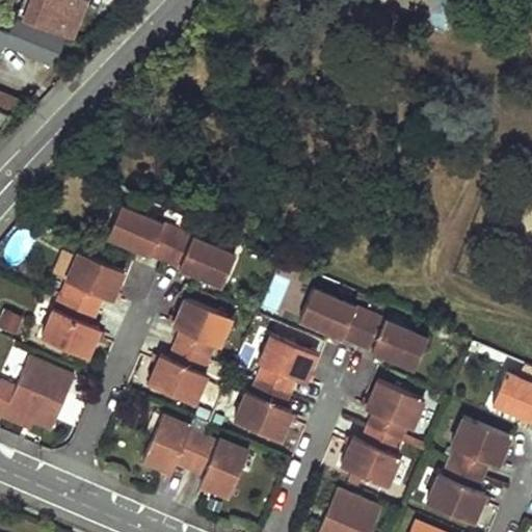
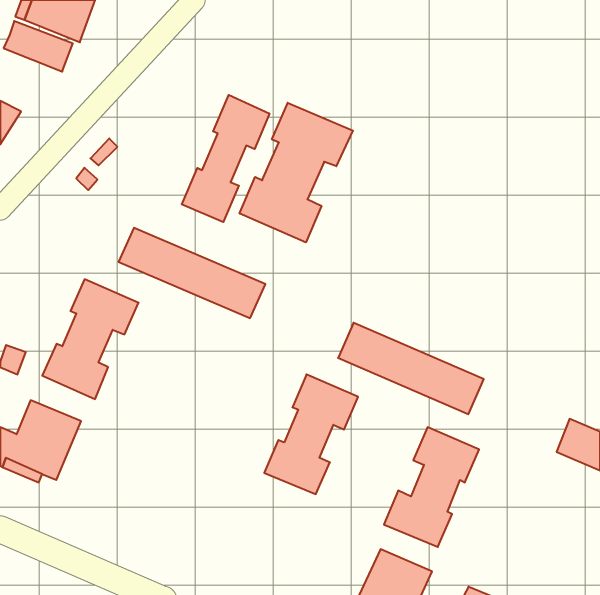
building: none -> [182,95,269,222]
building: none -> [240,103,353,242]
building: [148,299,231,405] -> none
building: [141,413,249,497] -> none
building: [426,420,509,525] -> none

